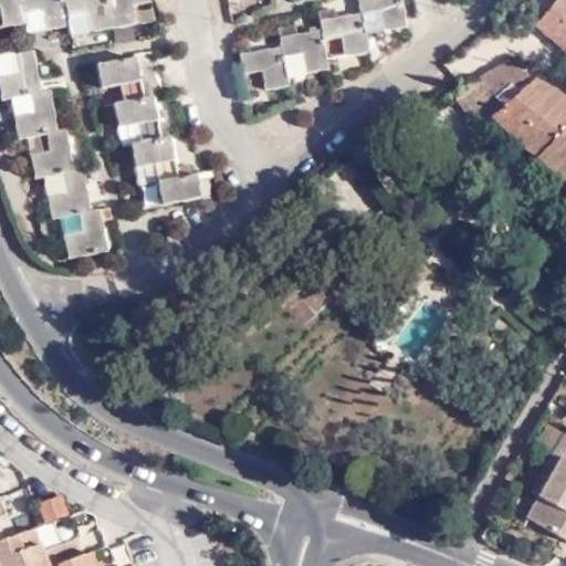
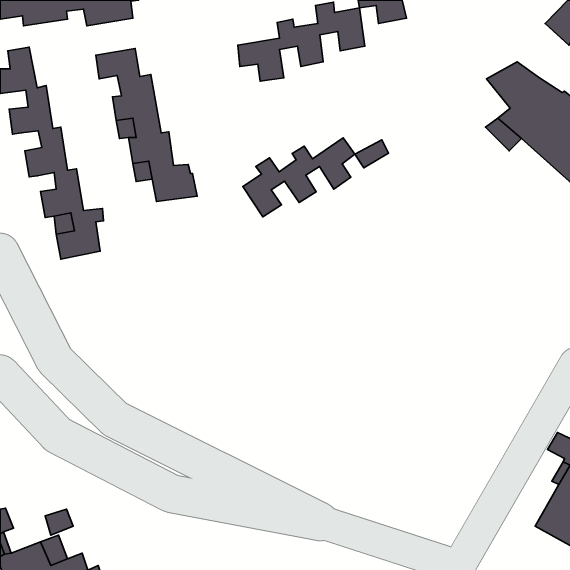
building: none -> [243,138,355,217]

